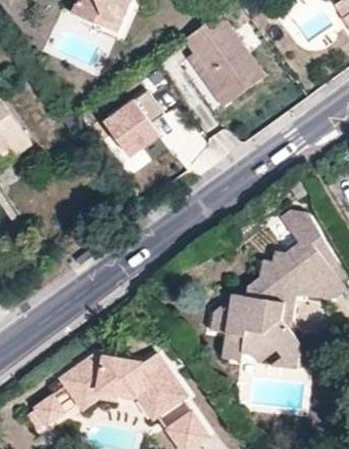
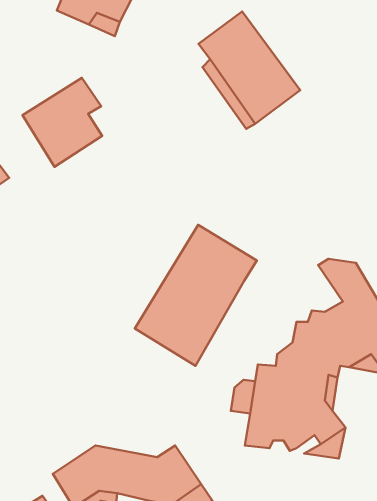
building: [101,96,164,167] -> [22,78,102,167]
building: none -> [135,225,257,366]

